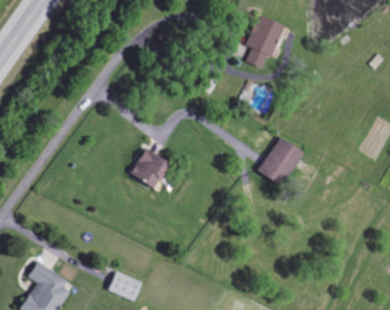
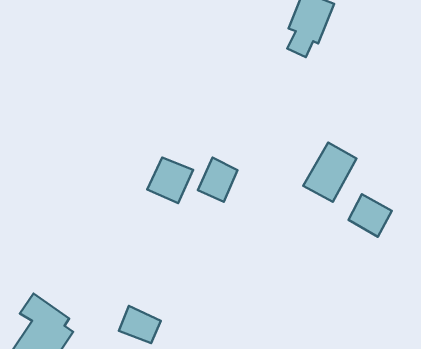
building: none -> [198,158,237,202]
building: none -> [349,194,392,237]

